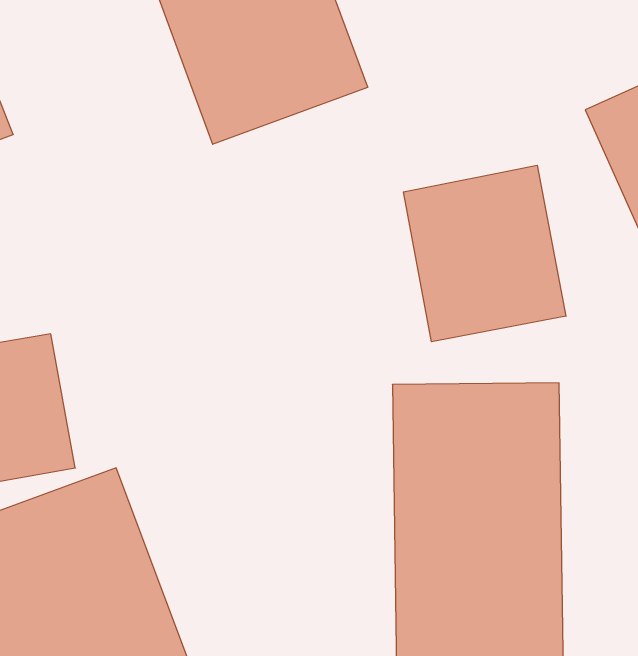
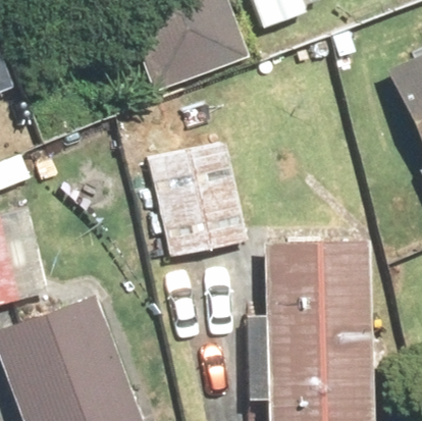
building: [403,165,566,342] -> none
building: none -> [147,141,249,258]

